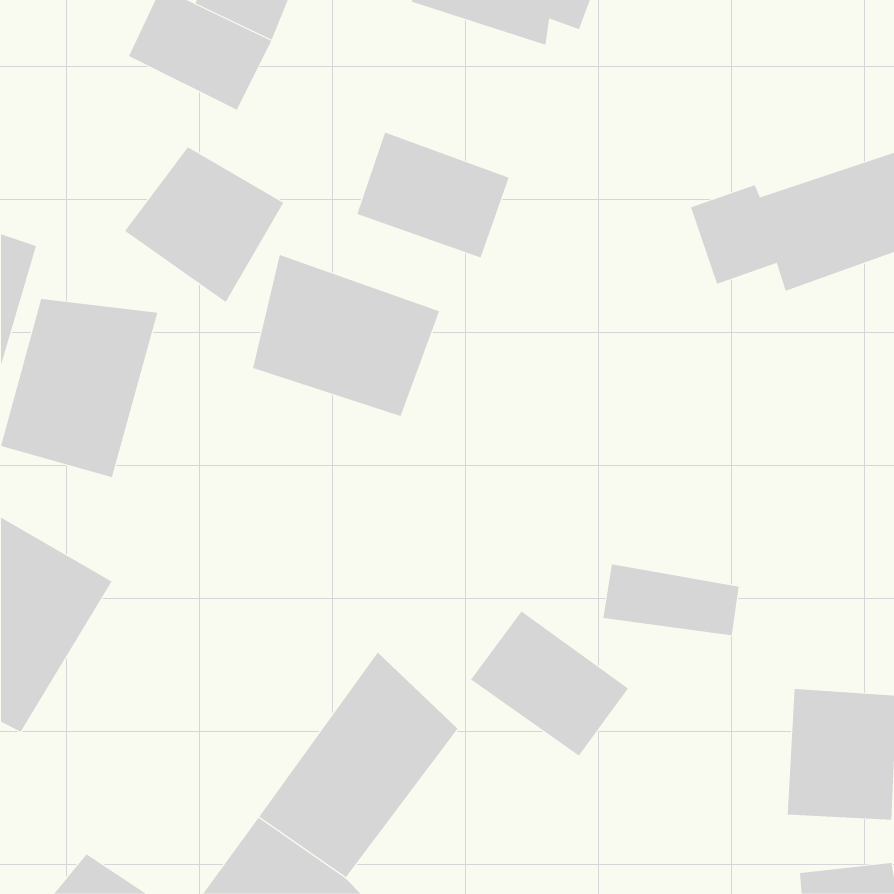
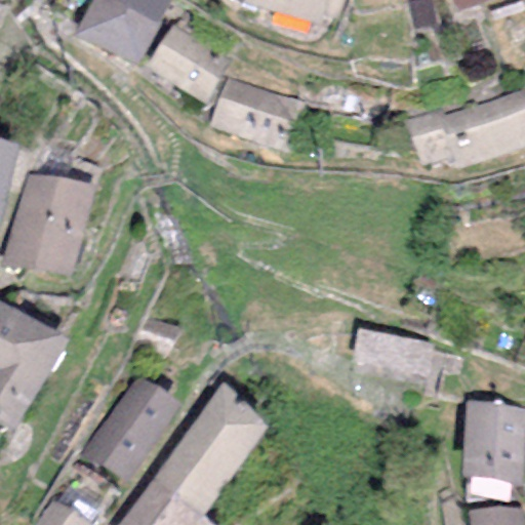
building: [124,147,284,303] -> [147,13,240,105]
building: [253,254,440,417] -> none
building: [470,611,629,757] -> none
building: none -> [77,373,183,489]

